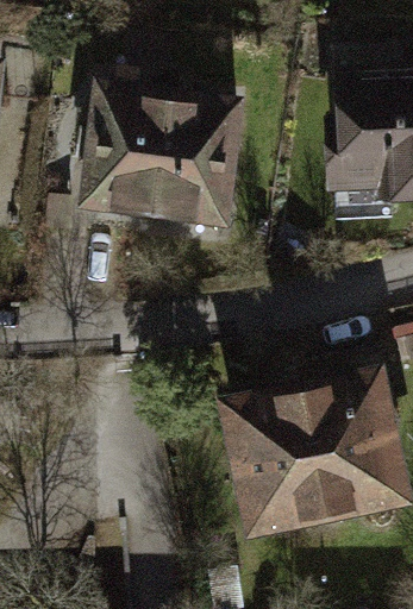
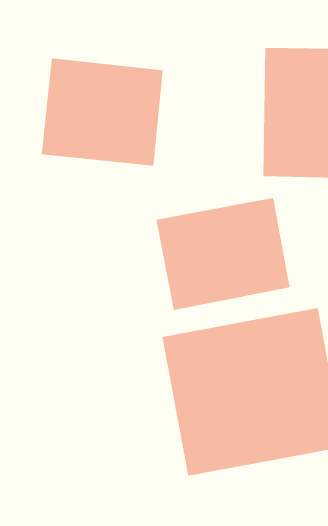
building: none -> [156,197,290,311]

